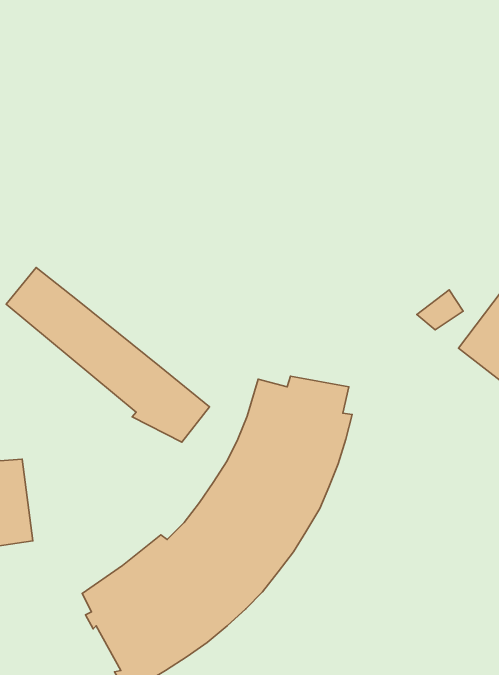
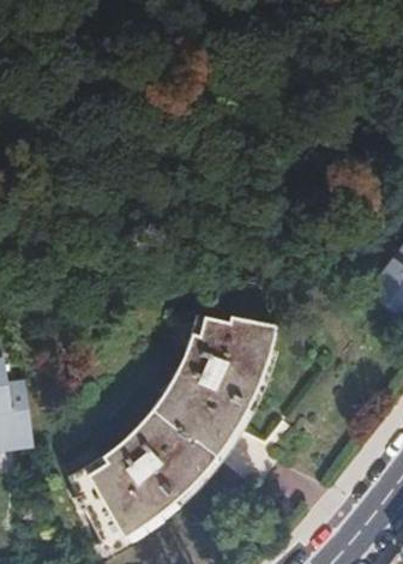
building: [6,267,209,442] -> none

